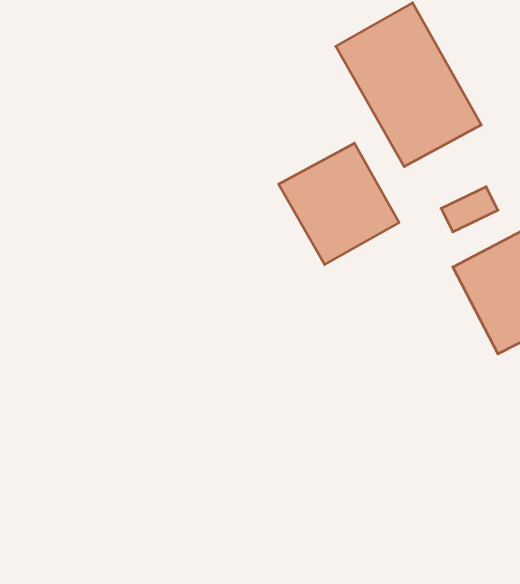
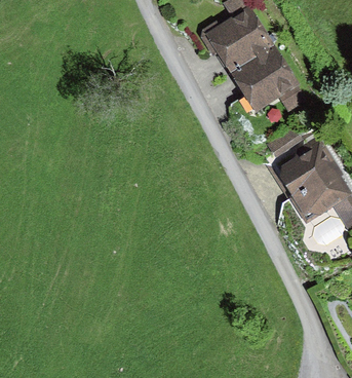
building: [279,143,399,265] -> none

